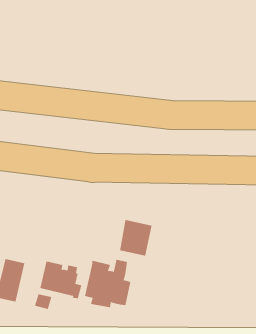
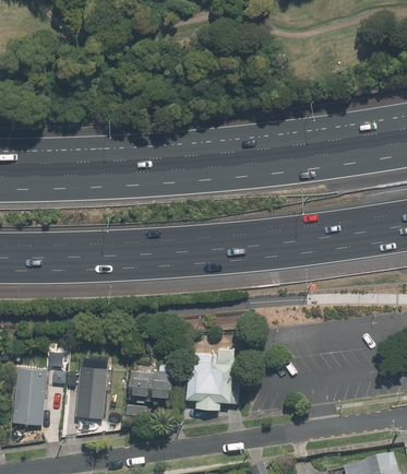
building: [119,219,152,256] -> none

